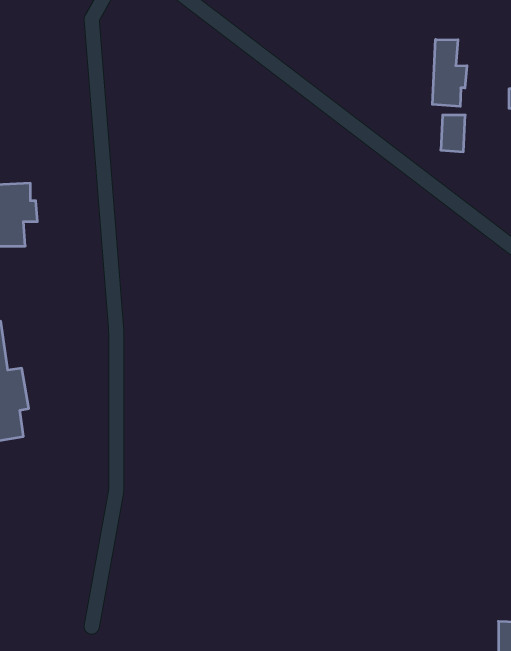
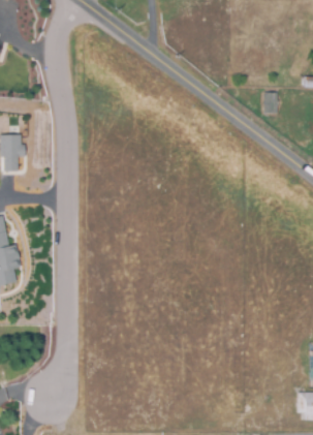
building: [432,39,467,106] -> none

